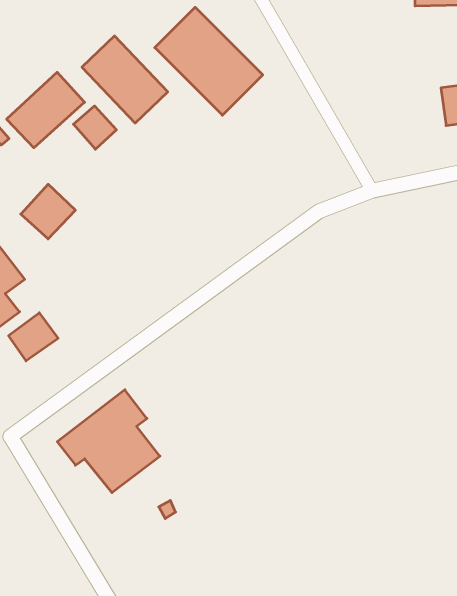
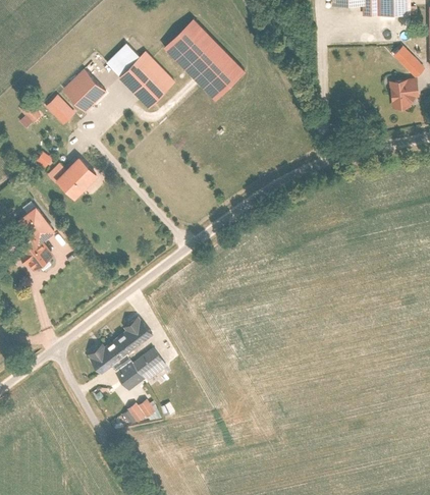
building: [73,106,116,149] -> none
building: [9,313,58,361] -> none
building: none -> [125,398,157,426]

